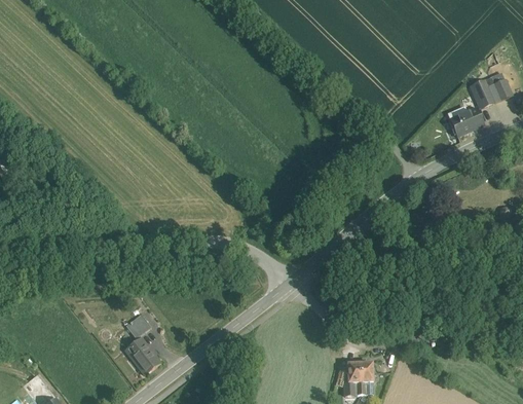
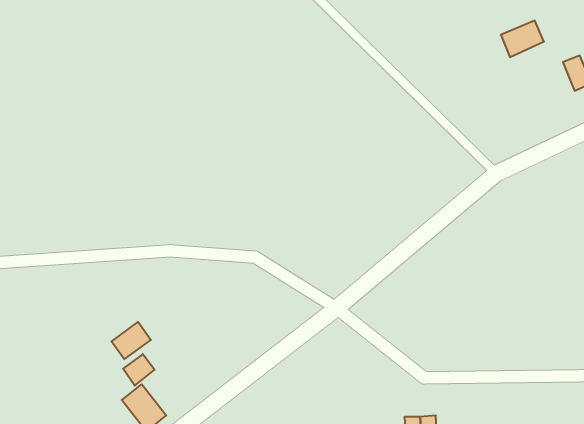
building: [450,107,484,136] -> [501,21,544,57]
building: none -> [111,322,151,359]

